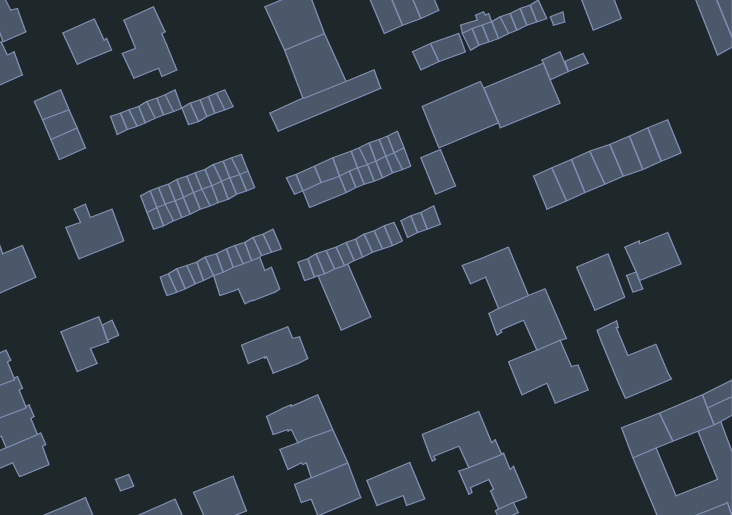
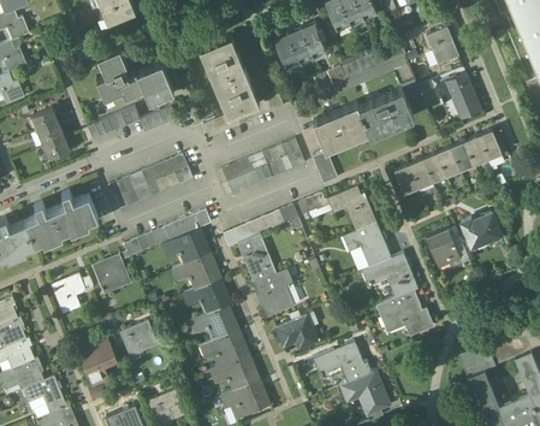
building: [63,19,111,64] -> none
building: none -> [129,63,174,102]
building: none -> [437,75,481,119]
building: none -> [327,187,376,231]
building: none -> [24,202,65,244]
building: none -> [93,254,131,294]
building: none -> [172,255,221,289]
building: none -> [255,270,293,315]
building: [597,321,672,398] -> none
building: none -> [190,307,238,339]
building: none -> [119,320,158,354]
building: none -> [78,338,115,384]
building: none -> [23,375,67,412]
building: [367,462,425,505] -> [275,315,318,347]

